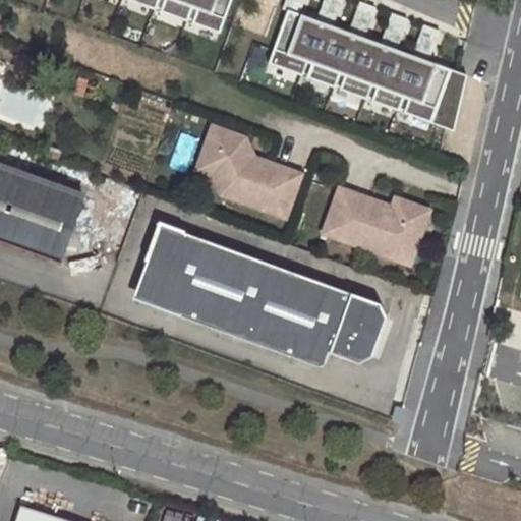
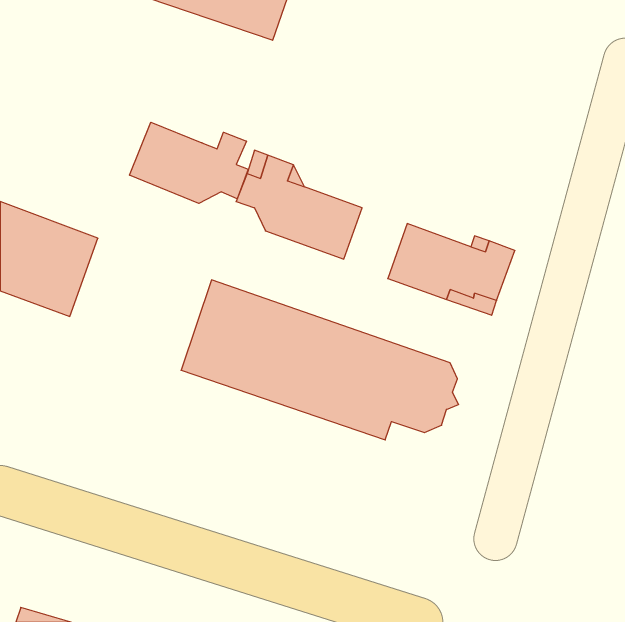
building: [277,8,472,126] -> none
building: none -> [130,122,248,203]
building: [126,224,176,308] -> none

